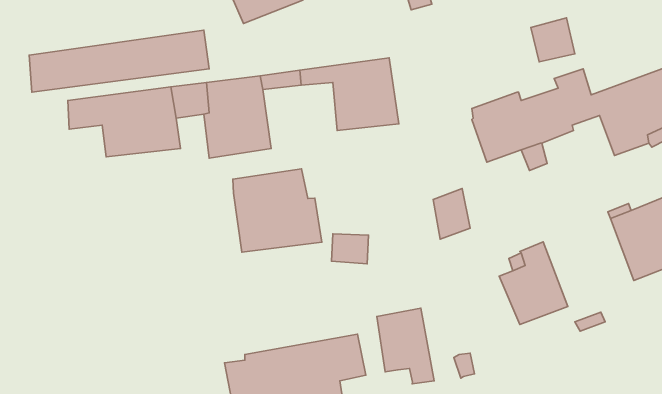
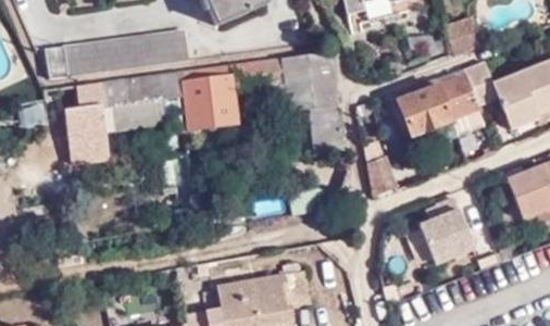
building: none -> [66,103,111,165]
building: [233,169,322,252] -> none
building: [377,308,434,384] -> none

